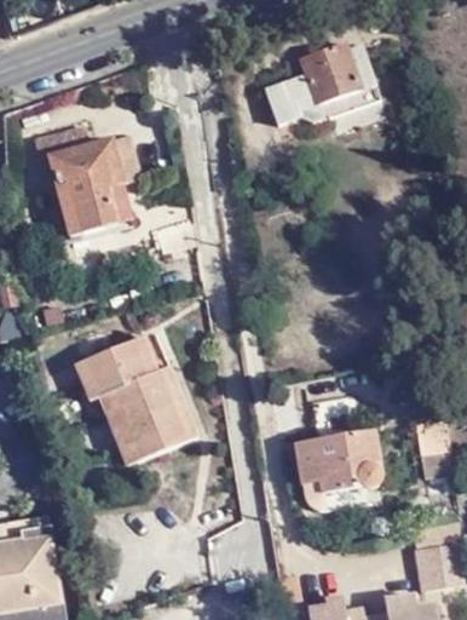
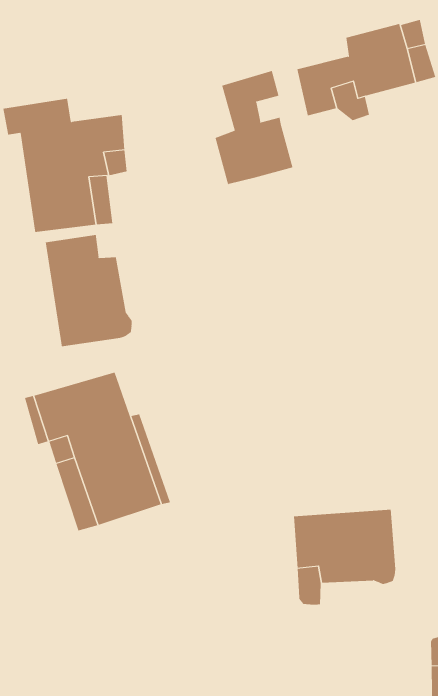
building: none -> [215,70,293,185]
building: none -> [45,234,132,347]

